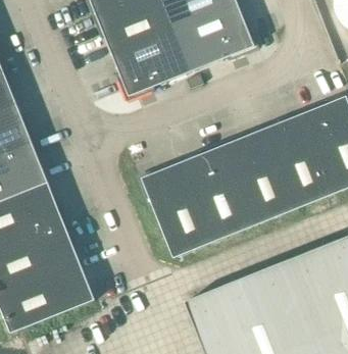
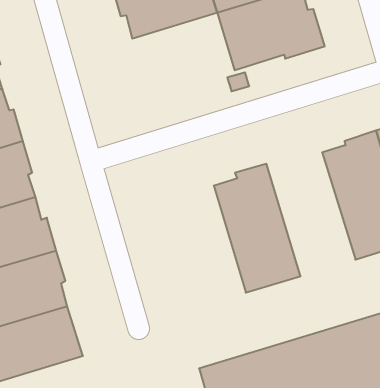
building: [110,29,191,101] -> none
building: [221,129,296,224] -> none
building: [136,161,214,258] -> none

